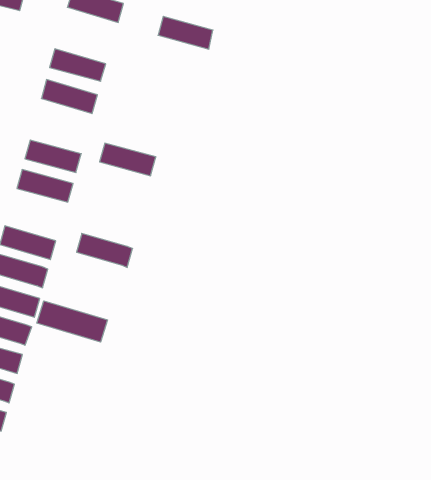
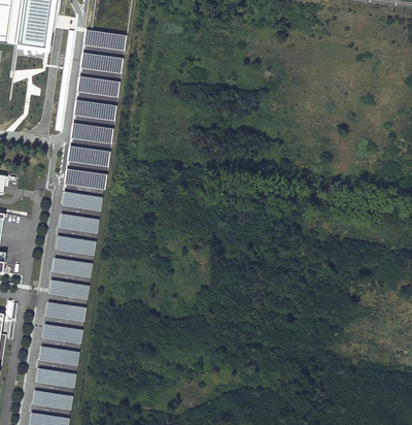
building: [158,16,213,49] -> [81,54,122,73]
building: [100,143,156,176] -> [72,125,113,144]
building: [77,233,133,267] -> [61,191,102,211]
building: [37,301,107,342] -> none

